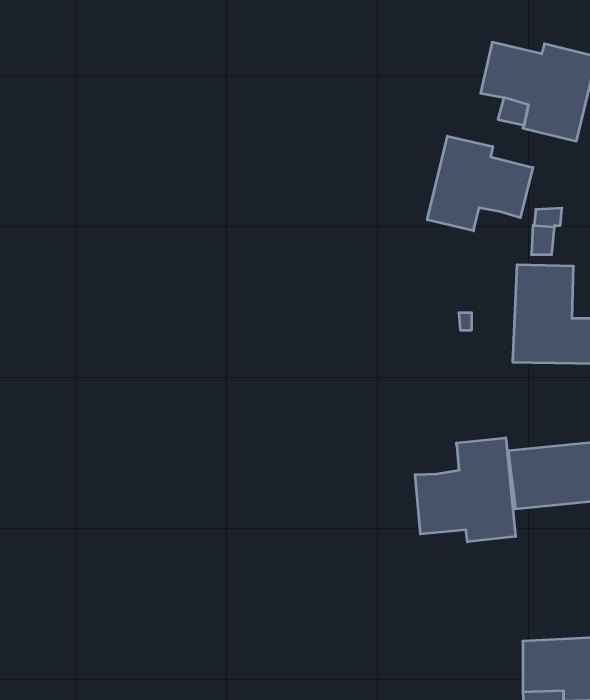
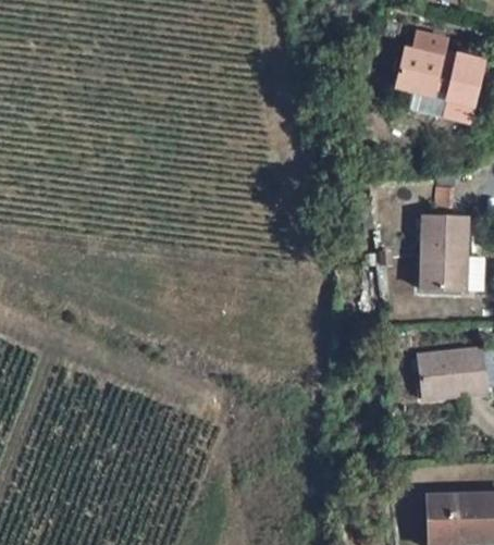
building: [427,136,533,231] -> none
building: [415,438,516,542] -> none

